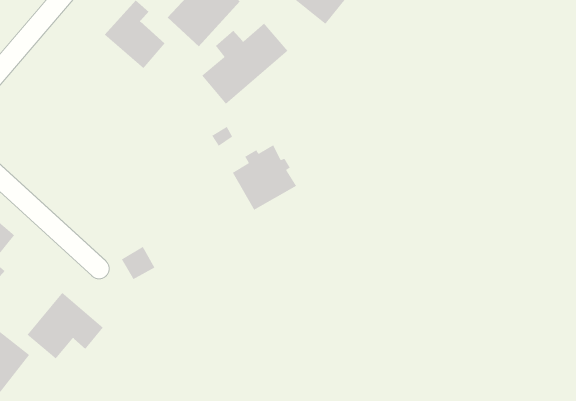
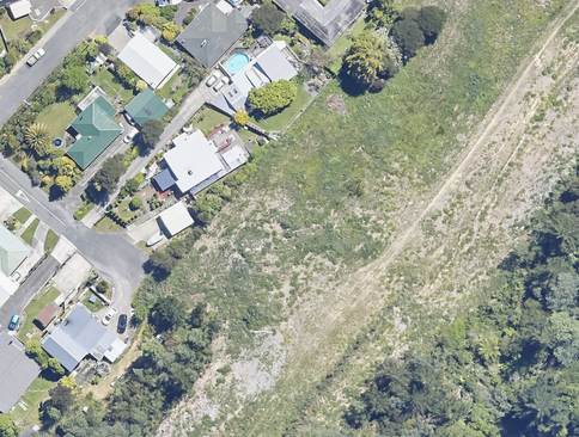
building: none -> [67,87,121,168]
building: none -> [127,87,163,123]
building: [232,144,297,211] -> [159,128,223,192]
building: [121,246,155,280] -> [159,202,193,235]

